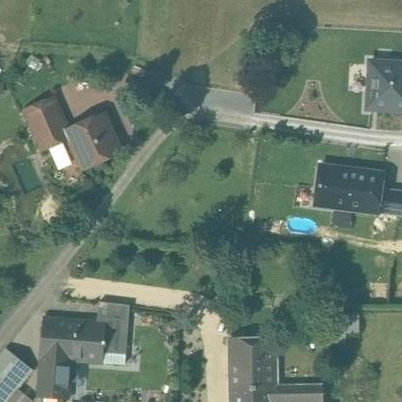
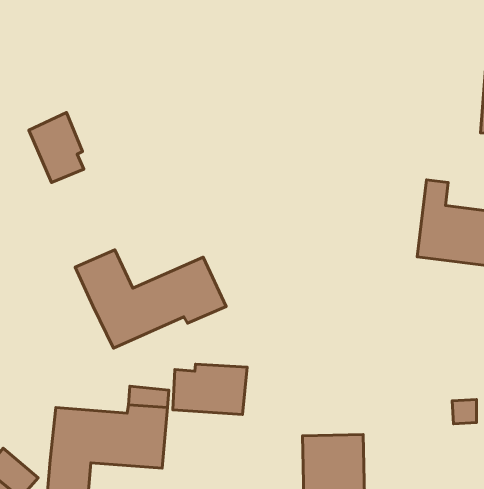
building: [71,114,117,167] -> none
building: none -> [75,250,226,348]
building: none -> [173,364,247,415]

